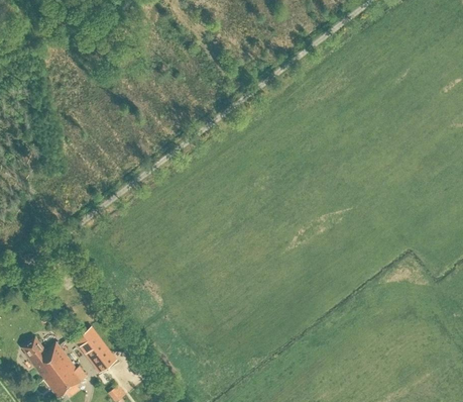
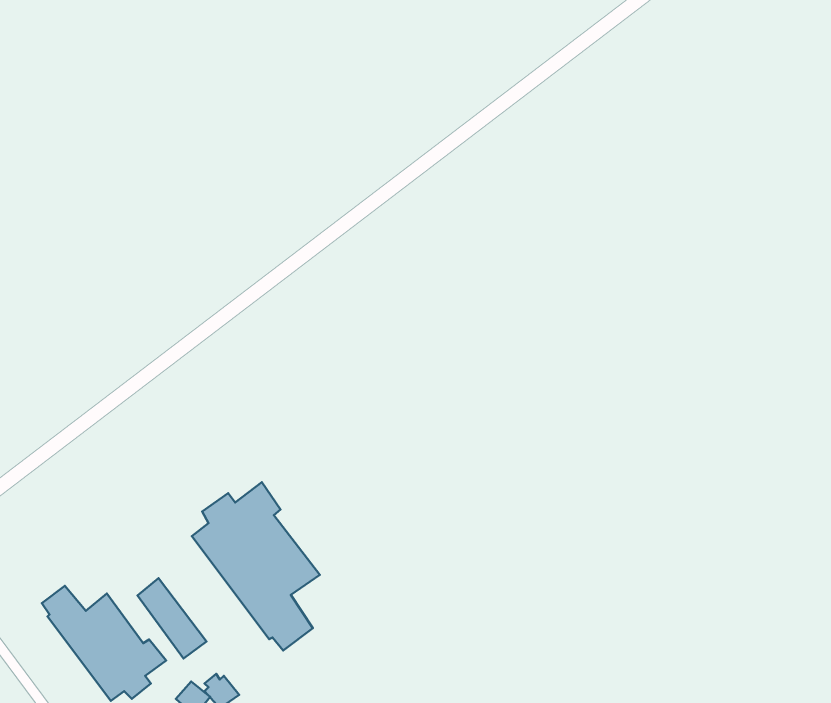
building: none -> [192,482,320,650]

